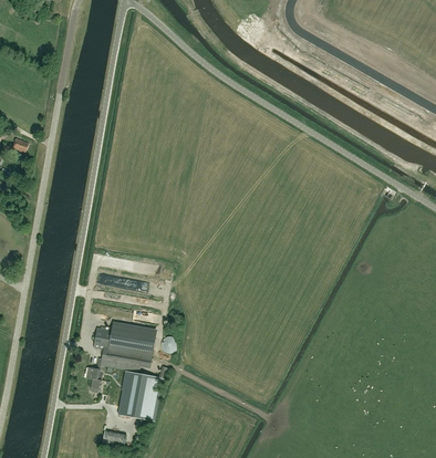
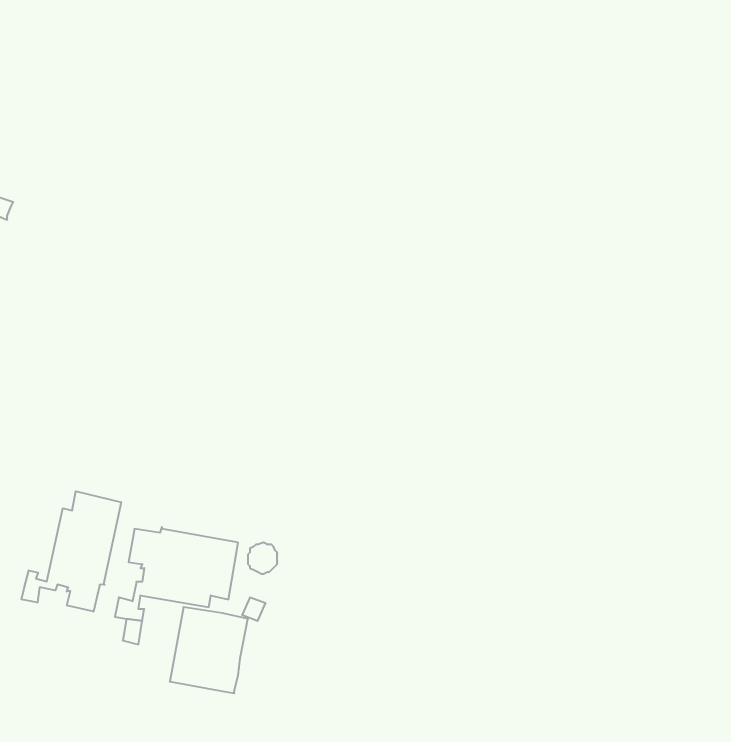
building: none -> [22,491,121,612]

